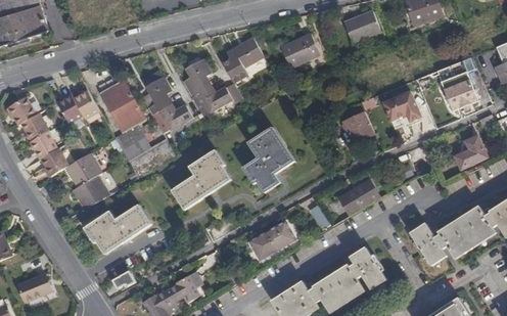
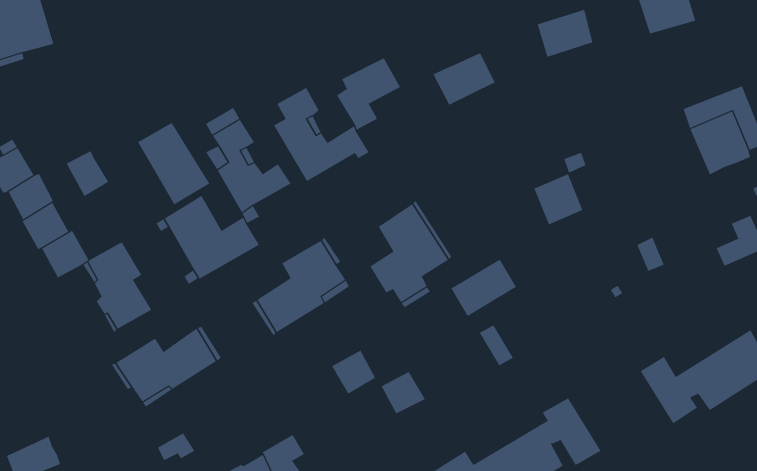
building: [384,91,422,122] -> none
building: [73,92,99,120] -> none
building: [335,181,376,217] -> [450,259,517,317]
building: [267,222,294,250] -> [331,350,376,394]

